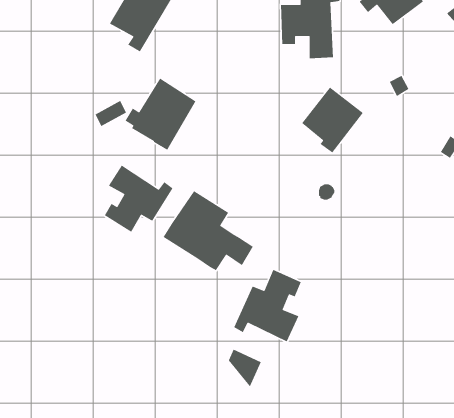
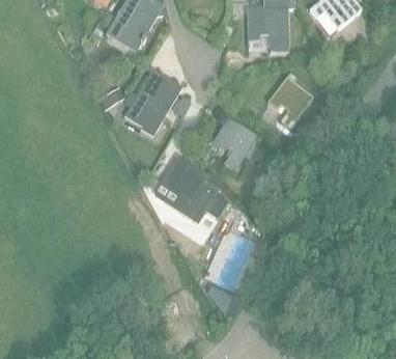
building: none -> [213,118,254,167]
building: [104,165,174,233] -> none
building: [233,269,302,342] -> none

